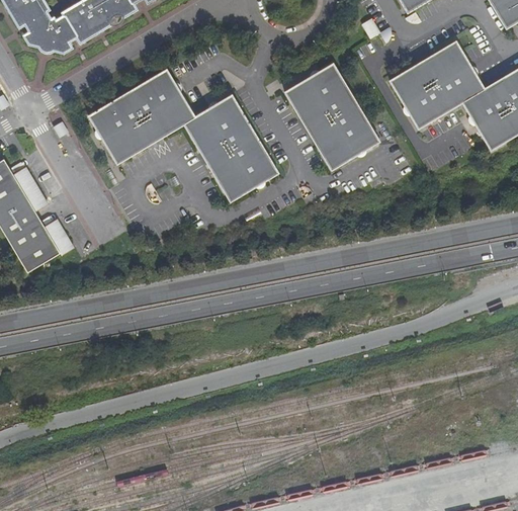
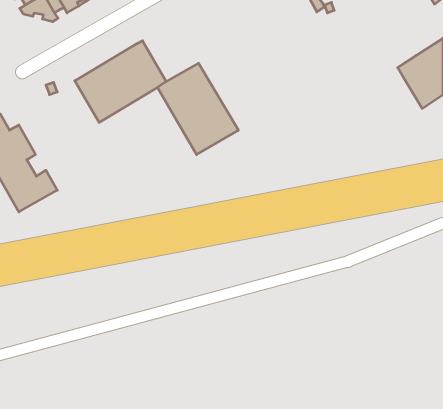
building: [390,40,485,129] -> none
building: [285,64,380,171] -> none

